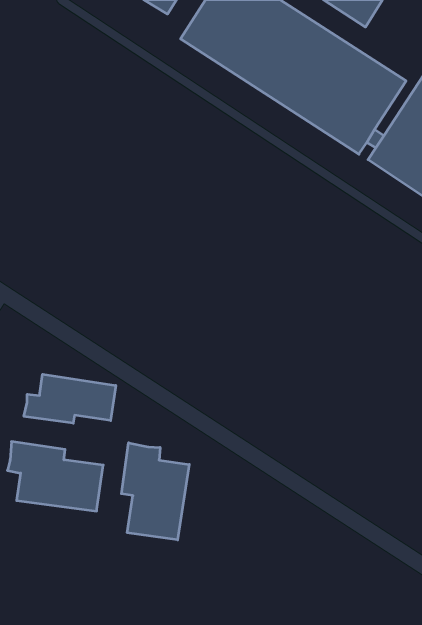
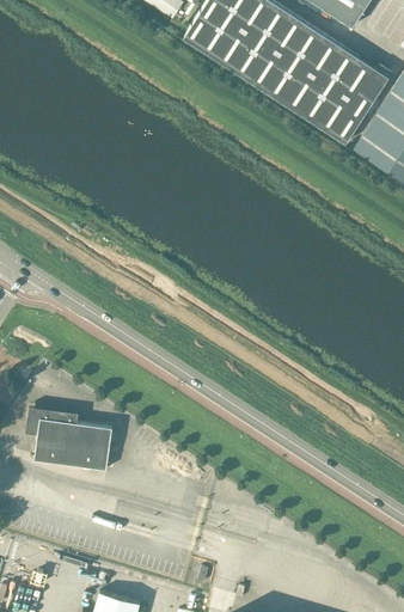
building: [24,374,116,423] -> none
building: [121,443,189,540] -> none

